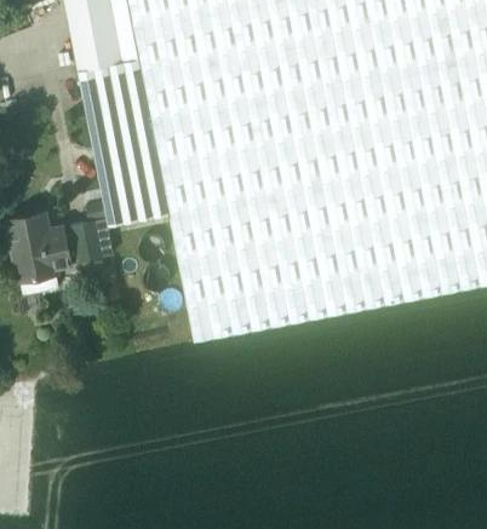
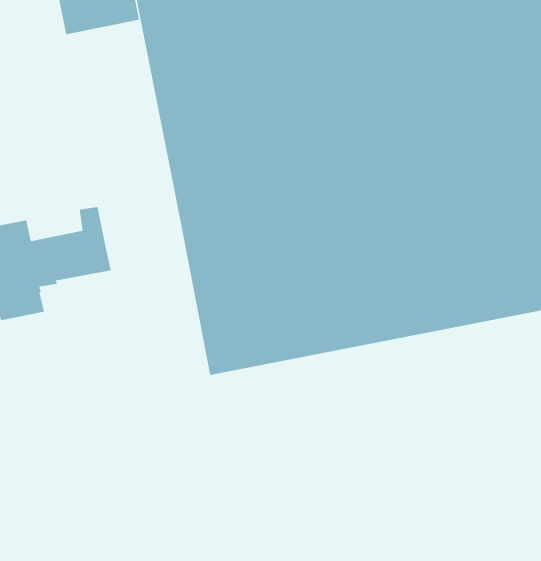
building: [76,47,170,224] -> none

